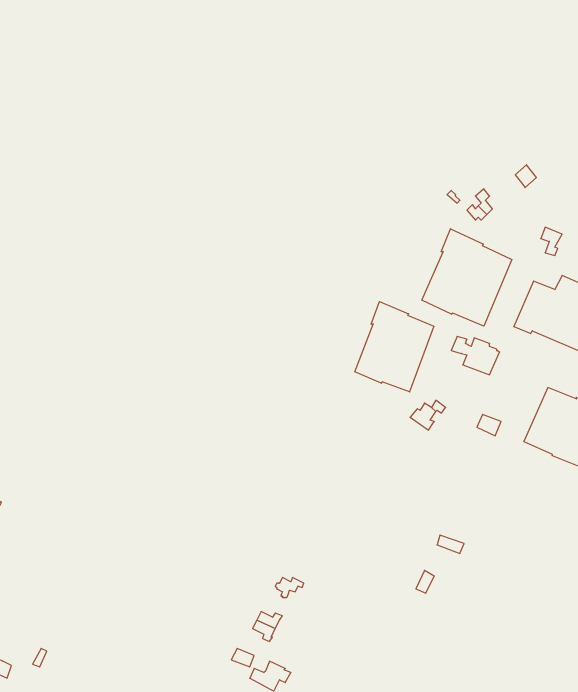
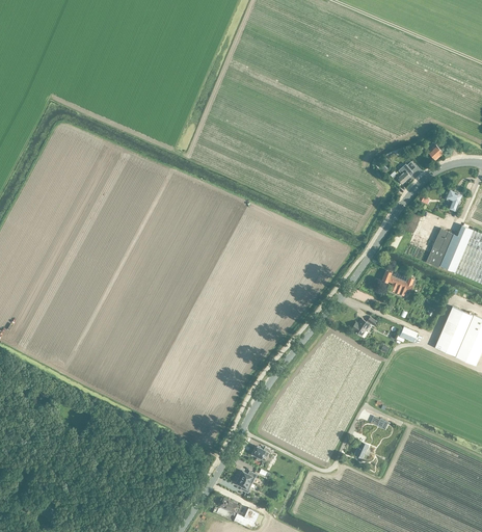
building: [422,229,512,326] -> none
building: [355,302,434,392] -> none

